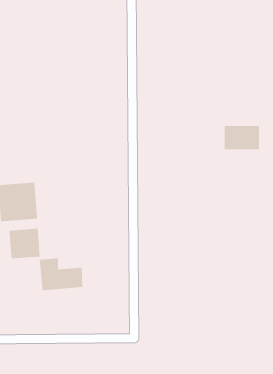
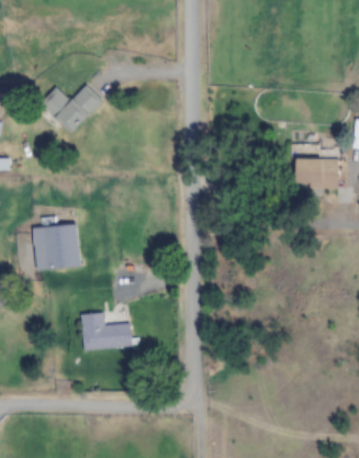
building: none -> [41,86,102,134]
building: [9,228,40,259] -> none

